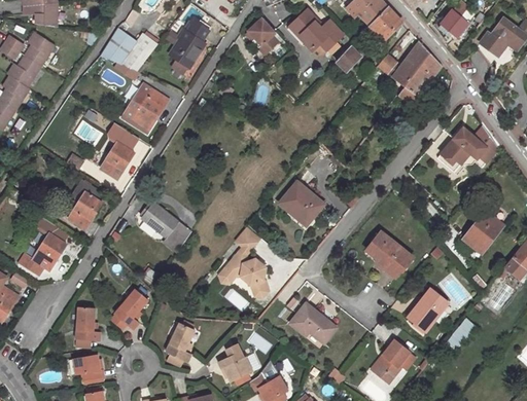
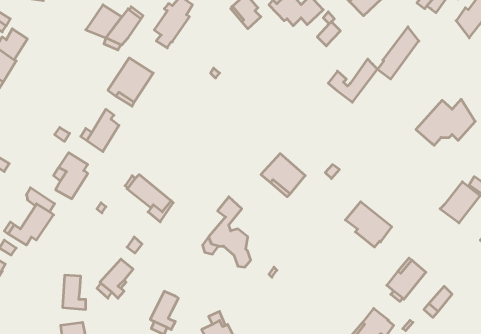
building: [25,32,55,65] -> none
building: [379,42,429,86] -> [328,59,378,102]
building: [290,303,337,343] -> none

